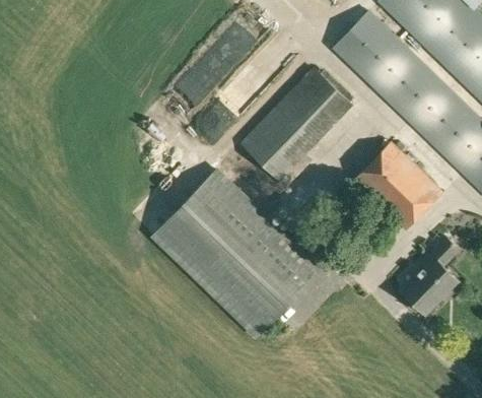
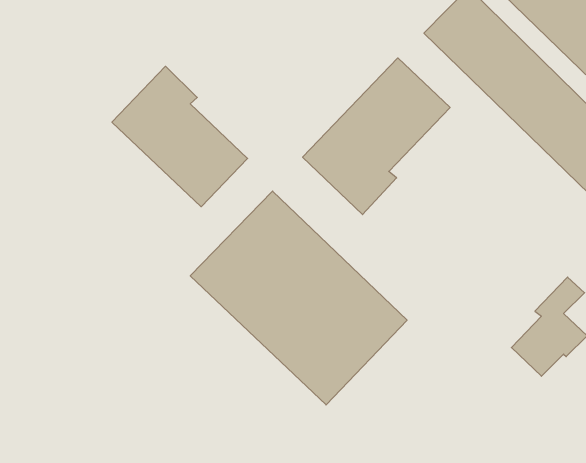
building: none -> [112,66,248,207]
building: [353,141,443,242] -> none

